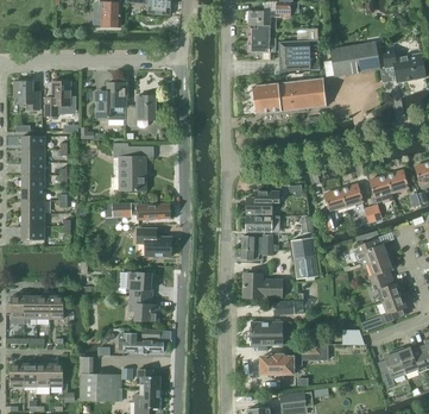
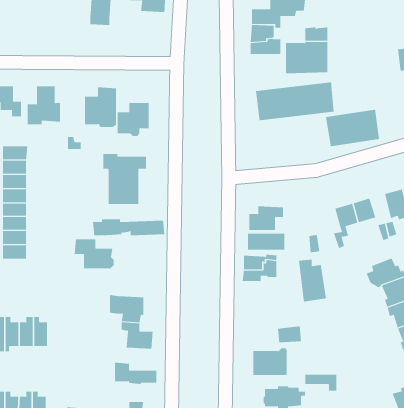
building: [329,42,379,76] -> [325,109,380,147]
building: [135,228,172,256] -> [74,239,114,269]
building: [244,274,282,297] -> none

